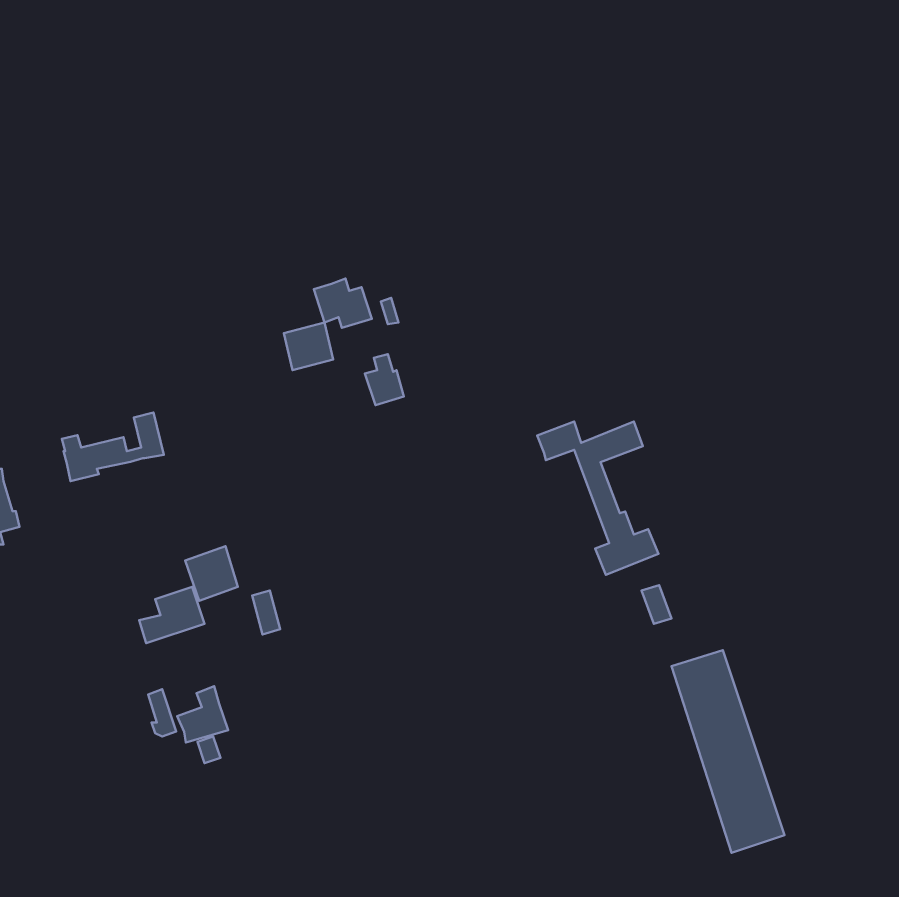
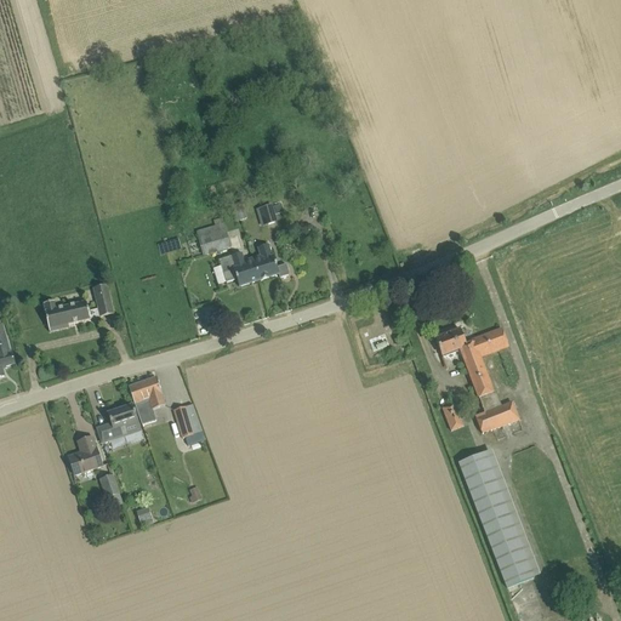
building: [314,278,372,328] -> [218,251,258,285]
building: [537,422,659,575] -> [434,327,518,433]
building: [177,686,228,742] -> [67,435,102,474]

